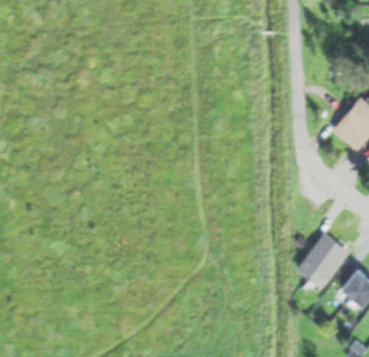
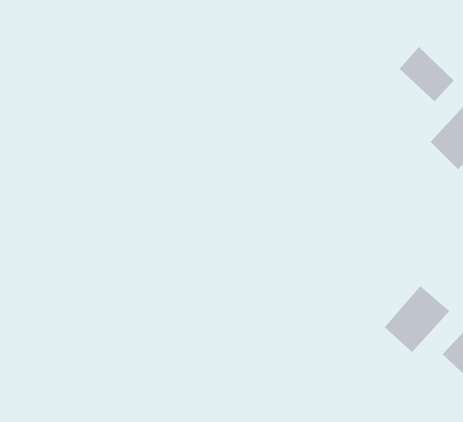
building: none -> [399,46,454,102]

